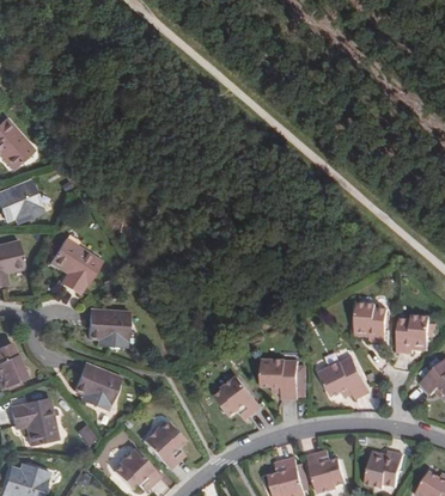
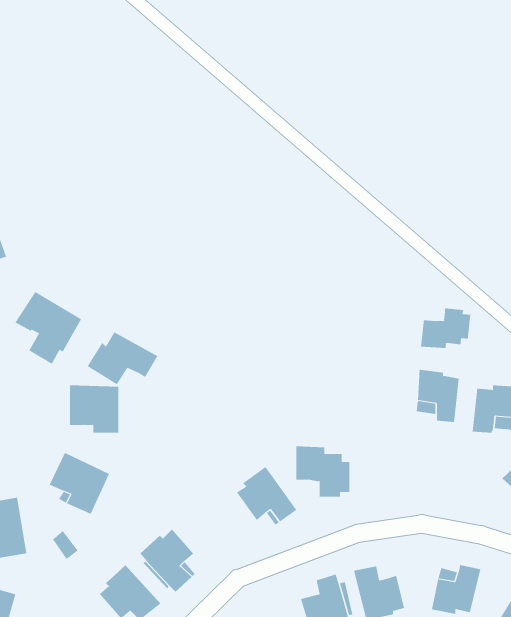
building: none -> [421,308,471,349]
building: none -> [87,332,158,385]
building: [322,362,368,400] -> none

